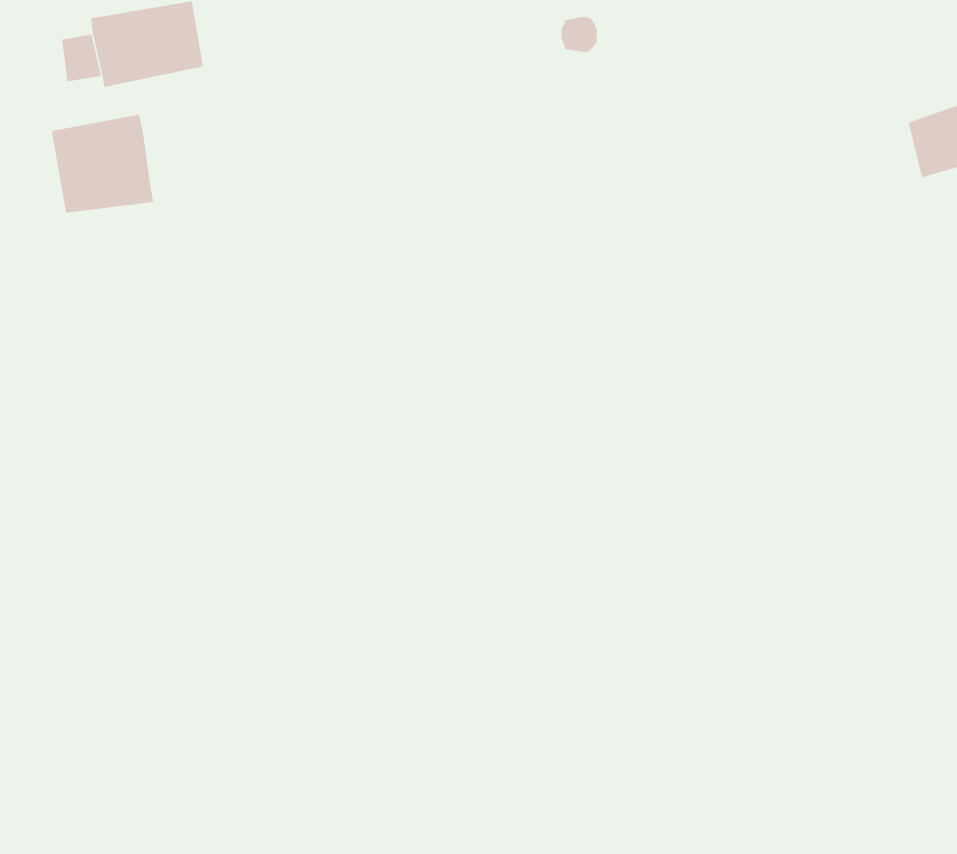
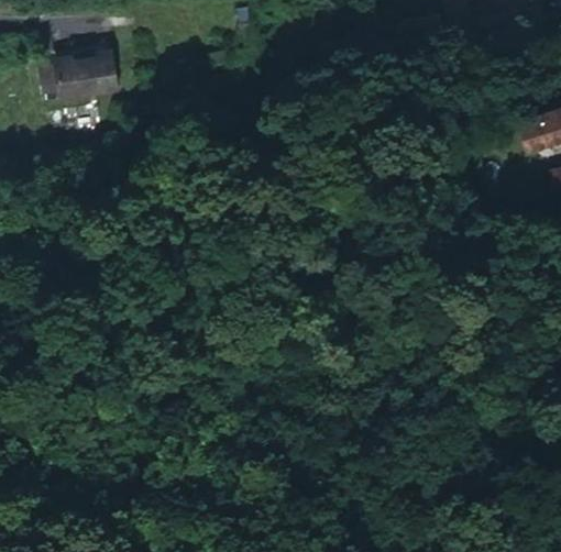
building: [51,114,154,214] -> none

